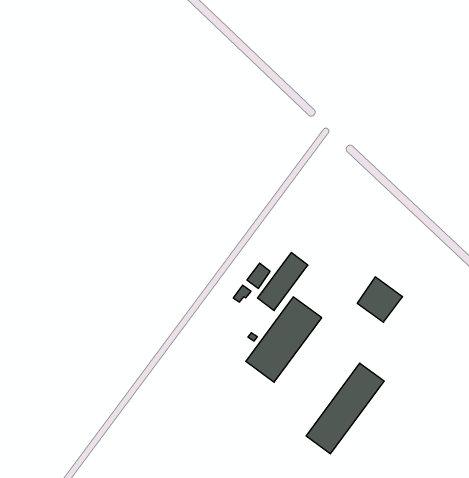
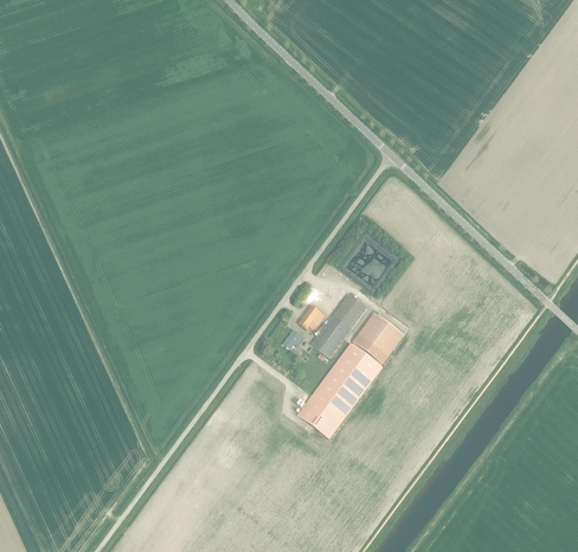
building: [357,277,403,322] -> [353,310,404,361]
building: [306,363,384,454] -> none

